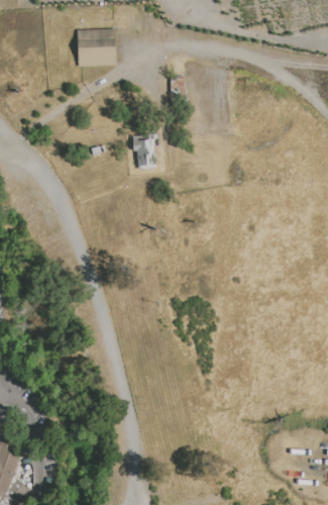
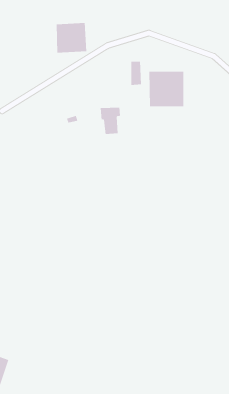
building: none -> [149,71,184,107]

